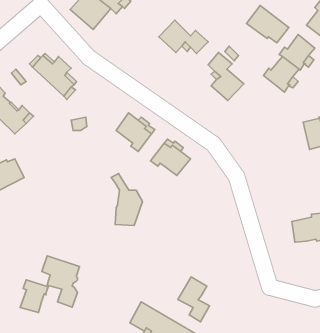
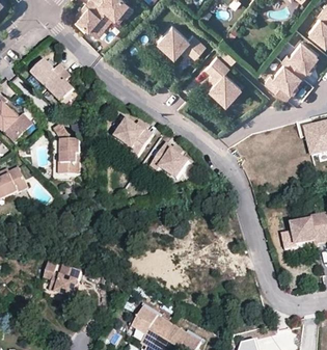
building: [247,6,289,43] -> none
building: [111,173,142,226] -> [56,122,87,173]
building: [178,277,210,322] -> none
building: [20,280,48,312] -> none

